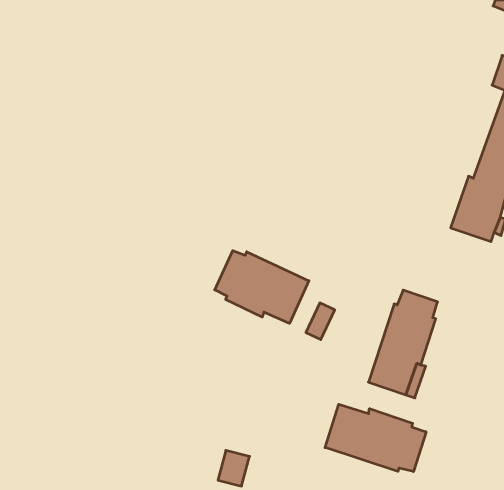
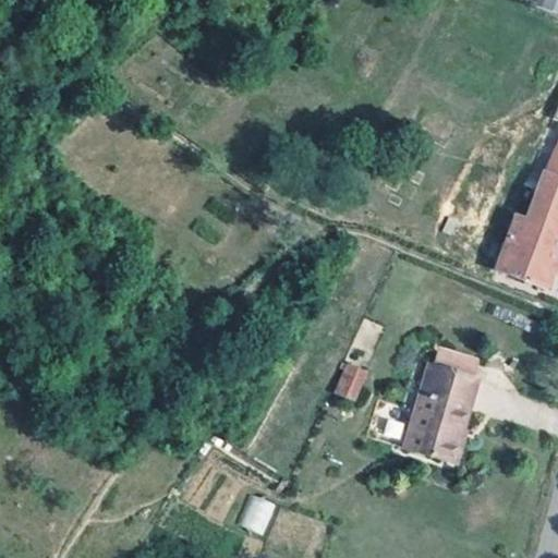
building: [215,251,309,323] -> none
building: [325,404,426,472] -> none

